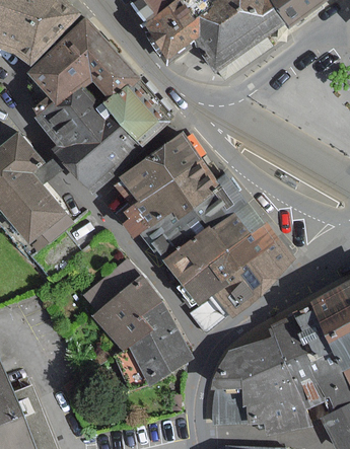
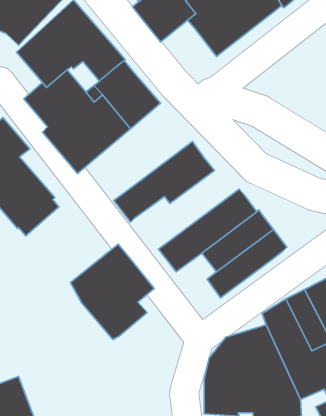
building: [121,133,200,203] -> none
building: [143,175,246,263] -> none
building: [181,267,223,306] -> none
building: [116,301,194,389] -> none

